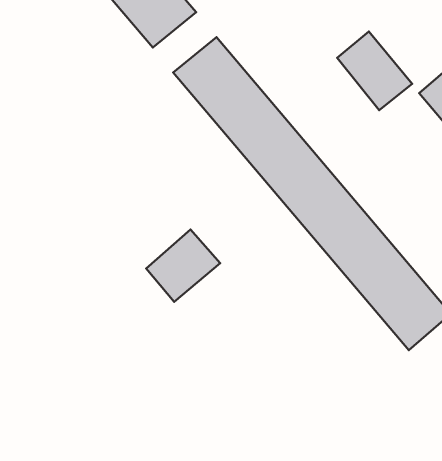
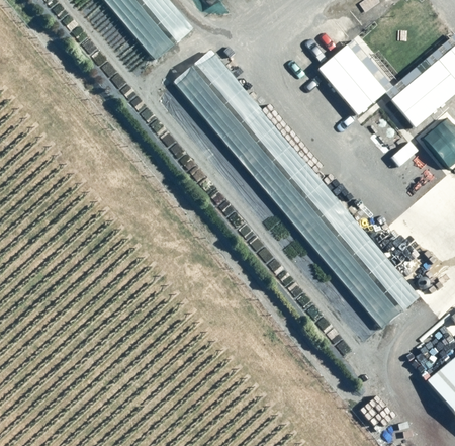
building: [146,230,220,302] -> none

